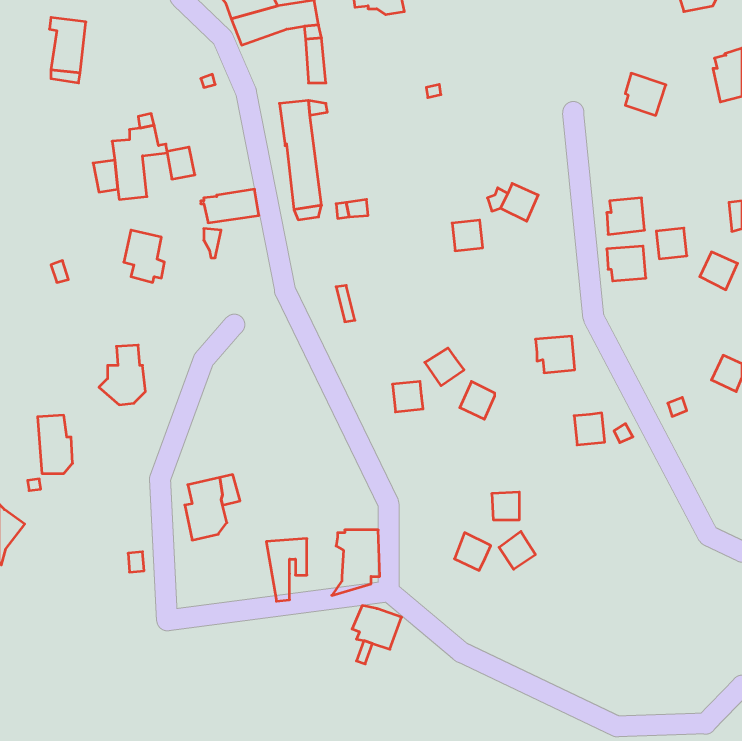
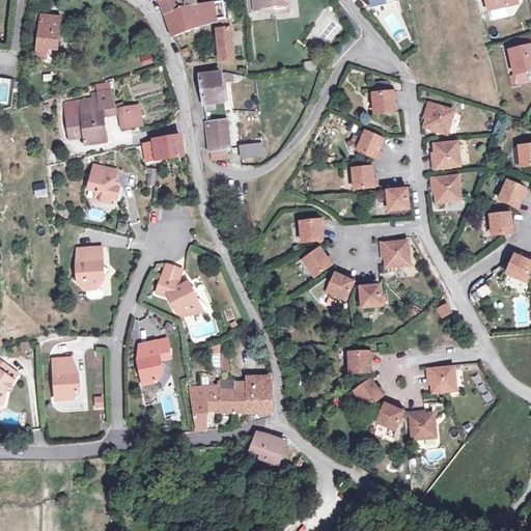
building: [625,73,666,115] -> [425,102,454,132]
building: none -> [371,81,394,112]
building: [452,220,483,251] -> [353,166,374,188]
building: [656,228,687,259] -> [491,212,512,233]
building: none -> [387,188,409,209]
building: [392,381,423,412] -> [300,219,322,241]
building: none -> [155,275,196,312]
building: [574,413,605,445] -> [360,283,382,306]
building: [38,415,73,473] -> [52,357,77,398]
building: none -> [427,365,456,390]
building: [454,533,491,570] -> [378,401,403,428]
building: none -> [219,383,245,411]
building: none -> [411,410,436,438]

